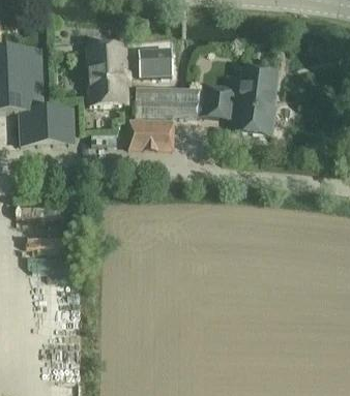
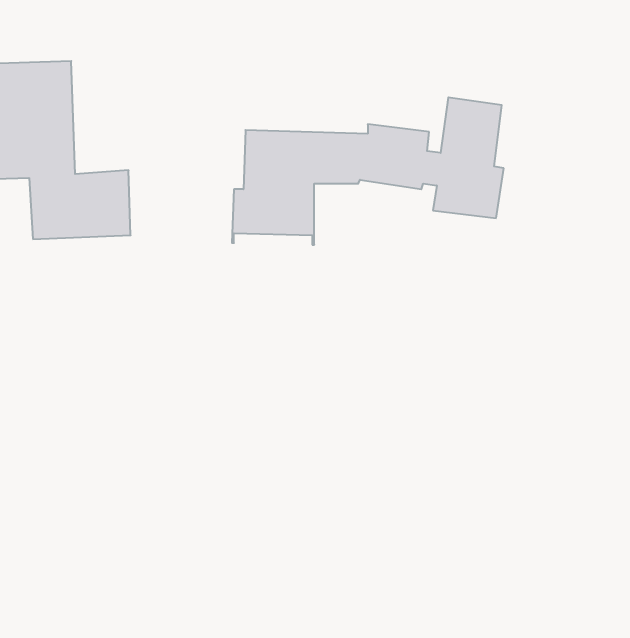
building: [87,45,126,104] -> none
building: [139,49,171,75] -> none

